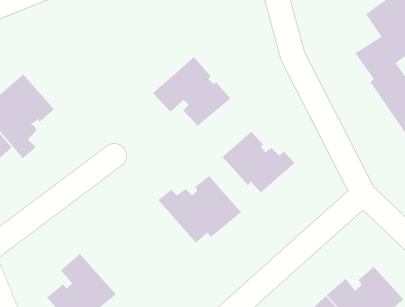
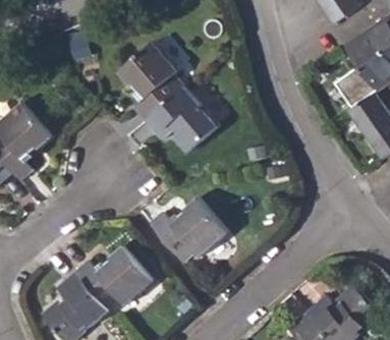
building: none -> [119,43,183,121]
building: [221,131,296,193] -> none
building: none -> [75,247,155,310]

